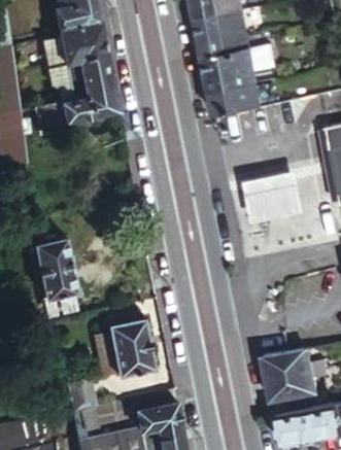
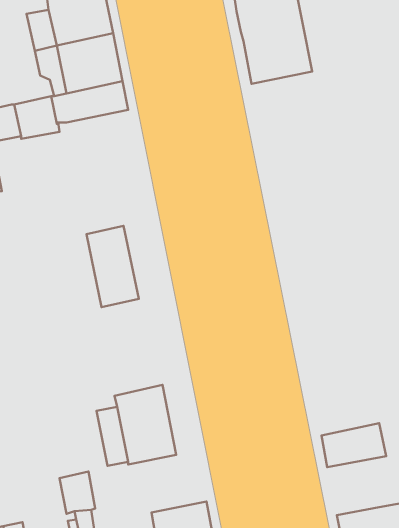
building: [212,81,262,114] -> none
building: [247,171,307,221] -> none
building: [36,233,75,293] -> [87,226,139,307]
building: [269,370,317,414] -> none

